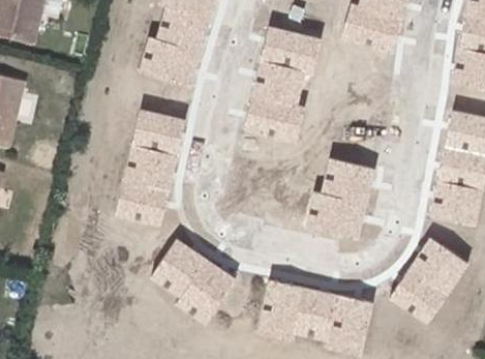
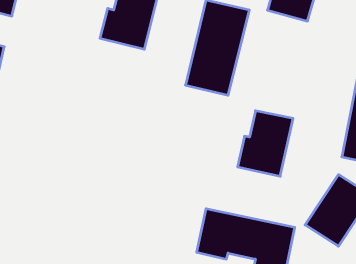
building: [116,111,185,225] -> none
building: [151,238,238,325] -> none

